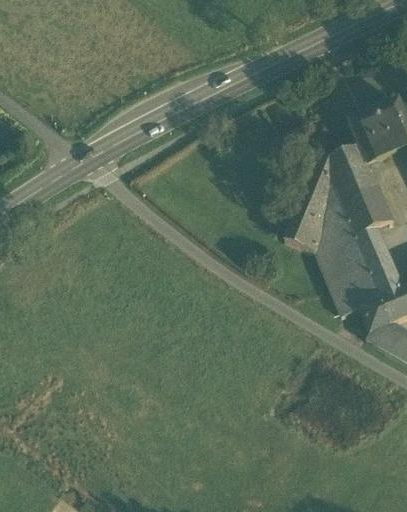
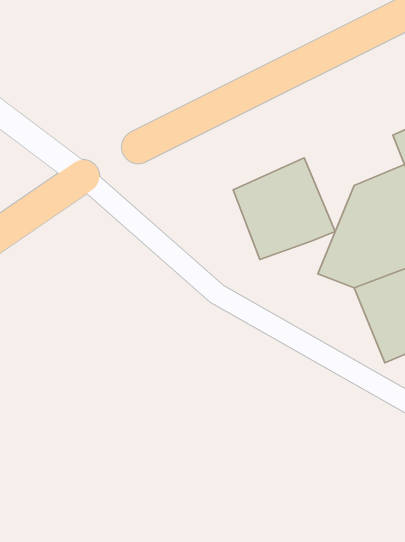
building: none -> [233,158,335,259]

